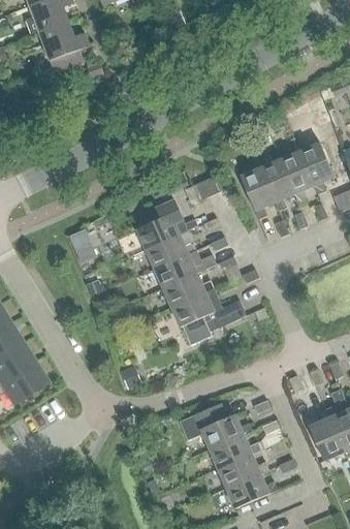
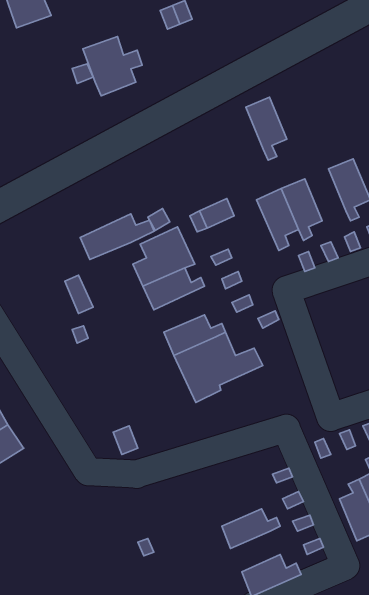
building: [39,22,89,71] -> [83,37,142,96]
building: [280,150,314,203] -> [246,97,287,160]
building: [154,248,216,286] -> [80,214,154,260]
building: [180,402,252,448] -> none
building: [218,453,268,487] -> none

